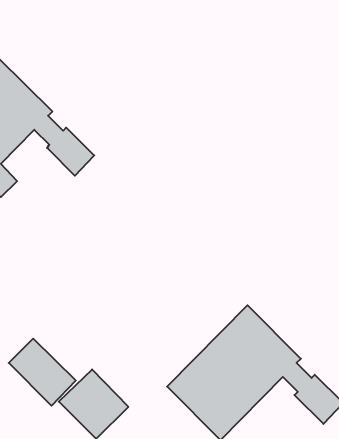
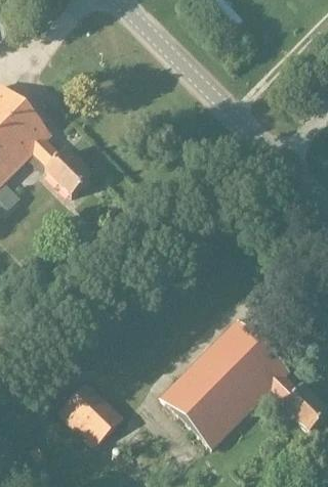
building: [9,339,76,406] -> none

